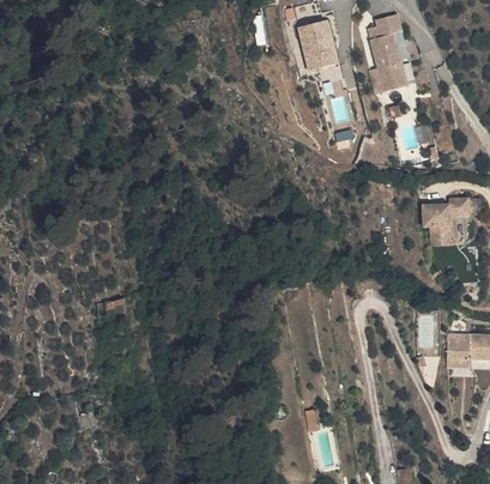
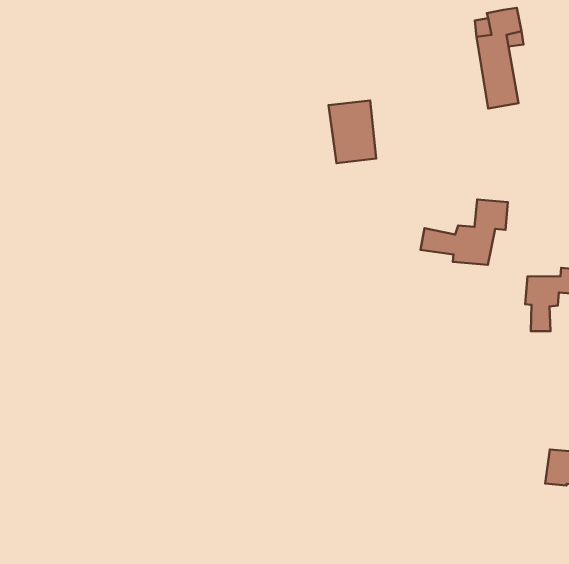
building: [297,20,335,68] -> [329,100,376,163]
building: none -> [421,200,508,265]

